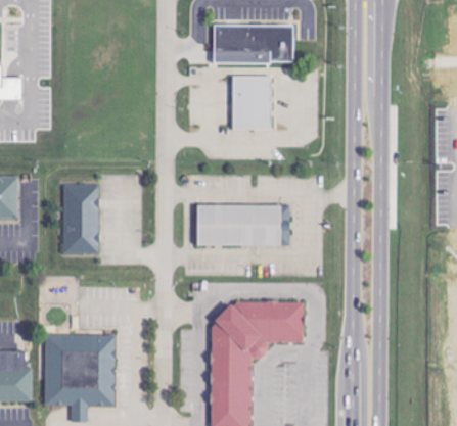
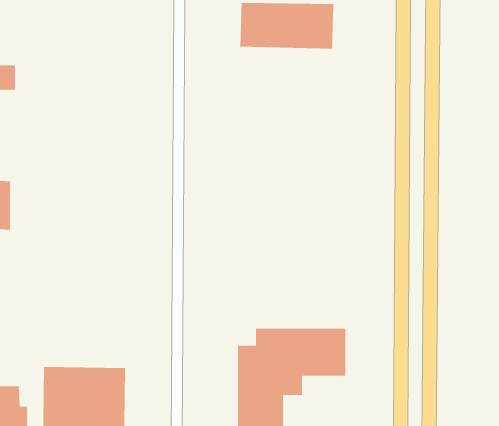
building: [231,75,271,128] -> none
building: [62,184,99,253] -> none
building: [196,204,289,245] -> none

